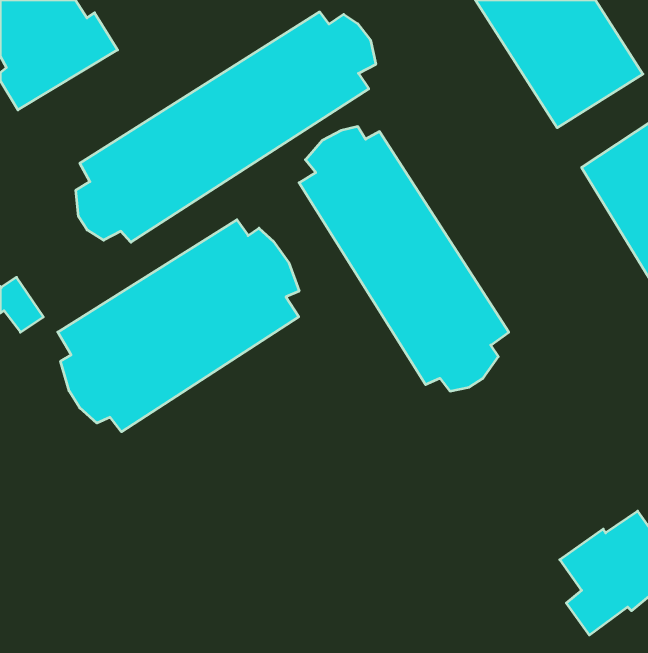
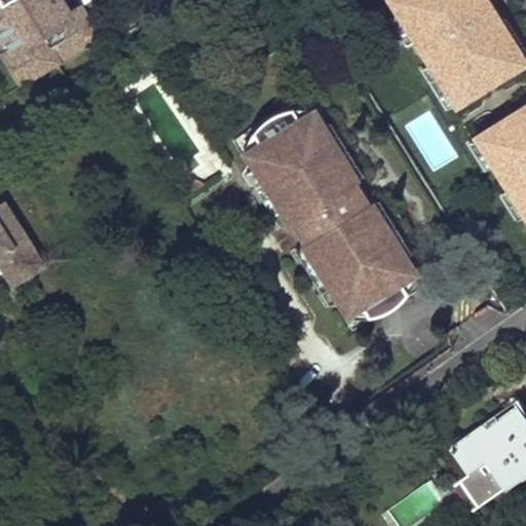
building: [76,12,376,242] -> none
building: [58,220,299,432] -> none

